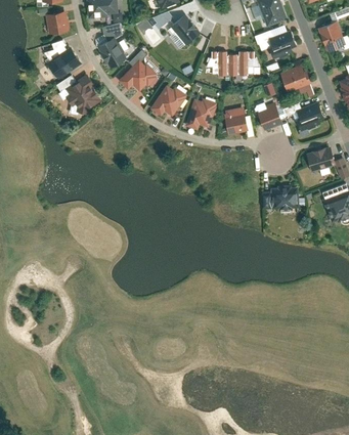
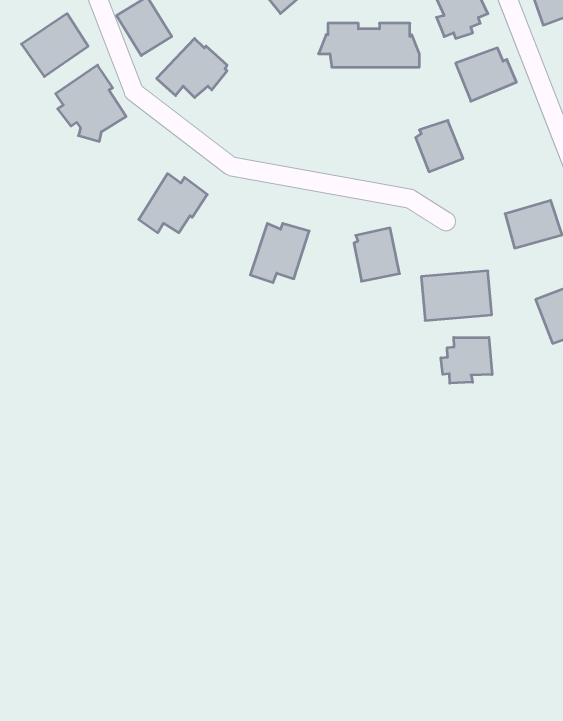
building: [150,84,187,116] -> [139,174,207,233]
building: [185,98,217,130] -> [250,223,309,283]
building: [297,102,323,139] -> none
building: [224,106,249,135] -> [354,228,400,281]
building: none -> [441,337,492,383]

